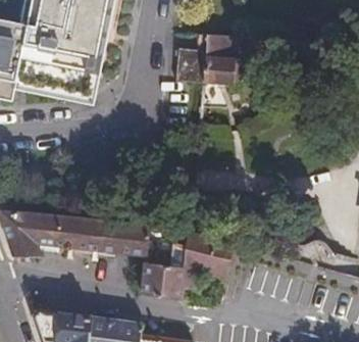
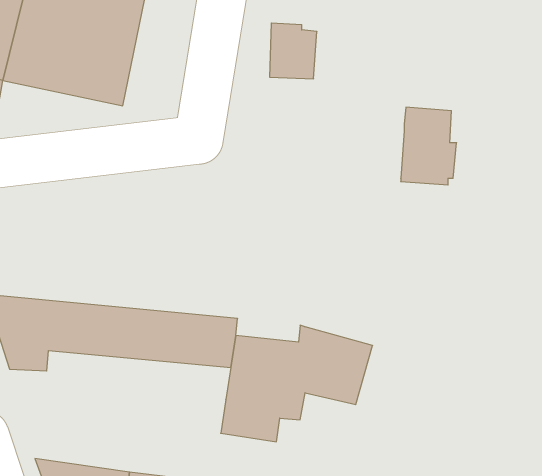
building: [202,38,236,85] -> [401,107,457,185]

